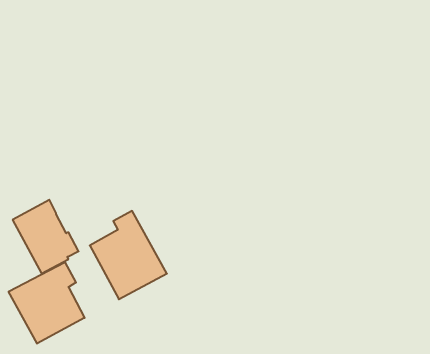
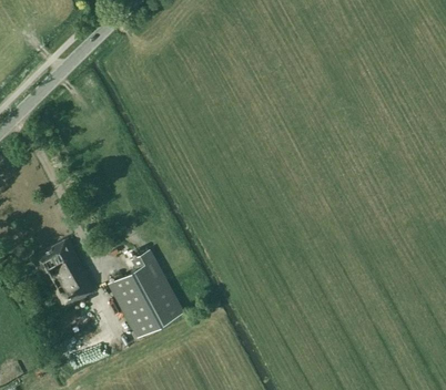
building: [9,262,85,344] -> none

